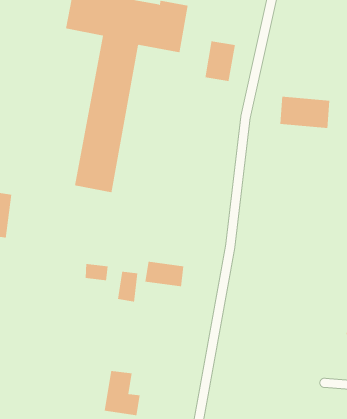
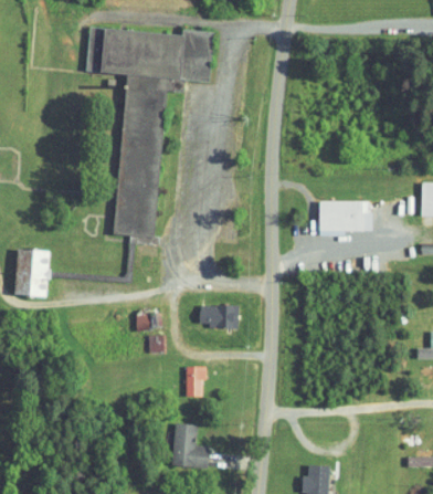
building: [205,41,235,82] -> none
building: [279,96,330,129] -> [318,201,371,232]
building: [117,271,138,302] -> [184,367,203,398]

